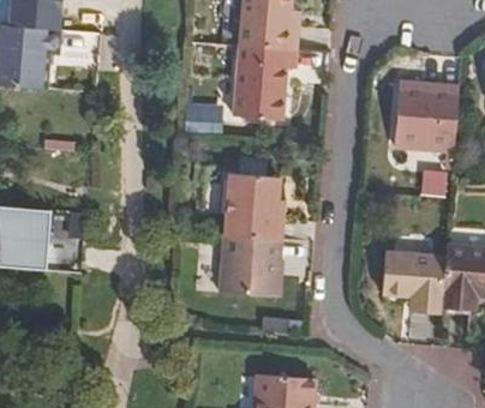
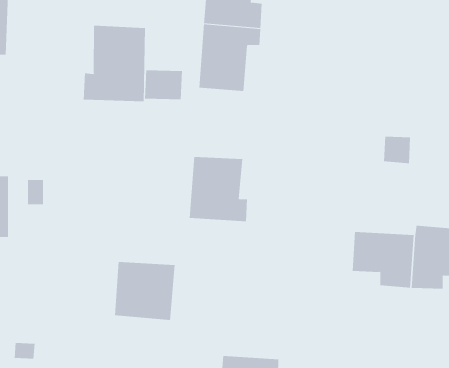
building: none -> [83,25,145,102]
building: [396,89,461,154] -> none
building: [221,239,282,298] -> [114,261,176,320]

